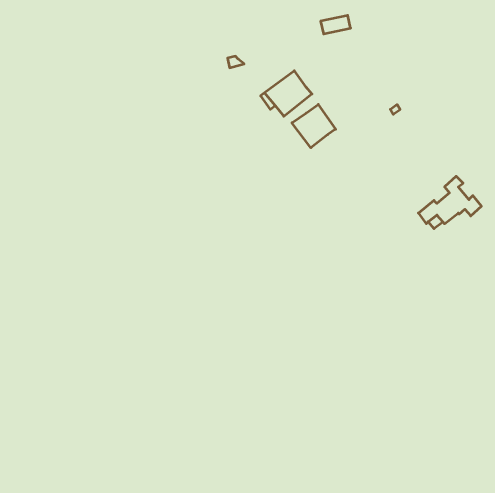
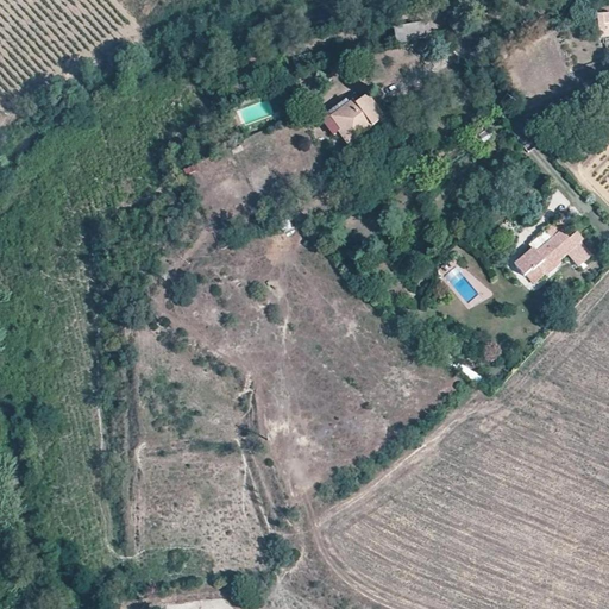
building: [292,104,336,148] -> none

